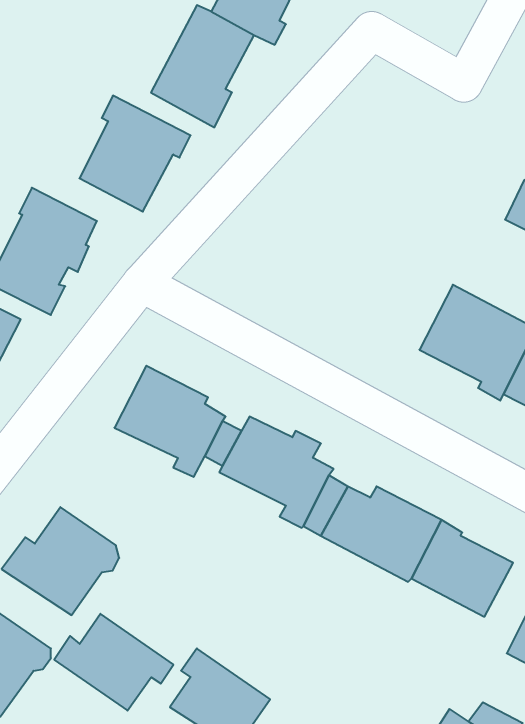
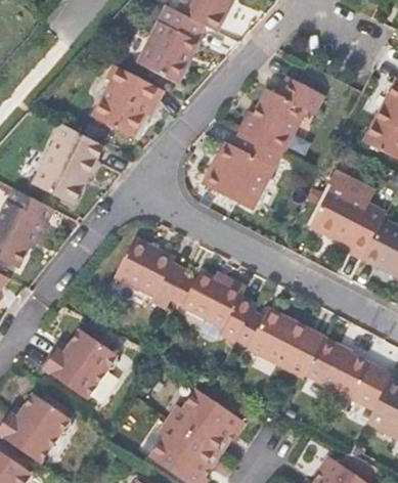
building: none -> [231,71,324,153]
building: none -> [201,142,274,211]
building: [54,614,173,711] -> [167,390,244,452]

